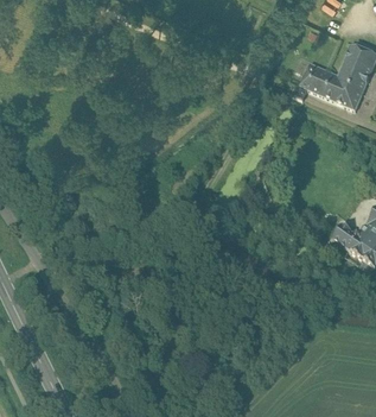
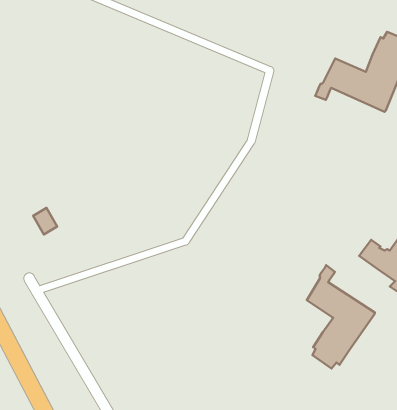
building: none -> [307,265,375,369]

